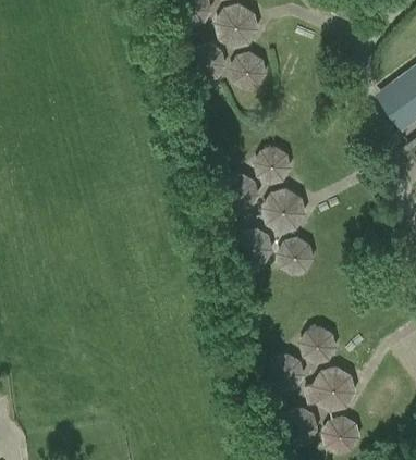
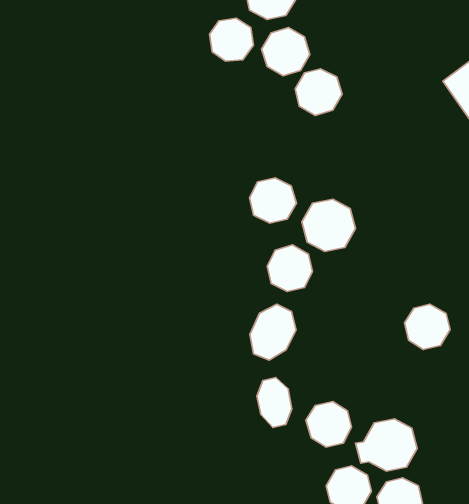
building: [254,145,292,183] -> [295,69,342,116]
building: [277,237,314,275] -> none
building: none -> [250,304,296,360]
building: [299,326,337,363] -> [404,304,450,350]
building: none -> [257,377,292,428]

